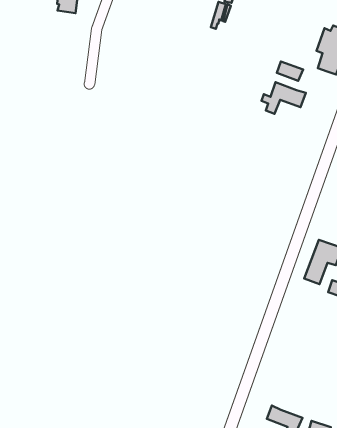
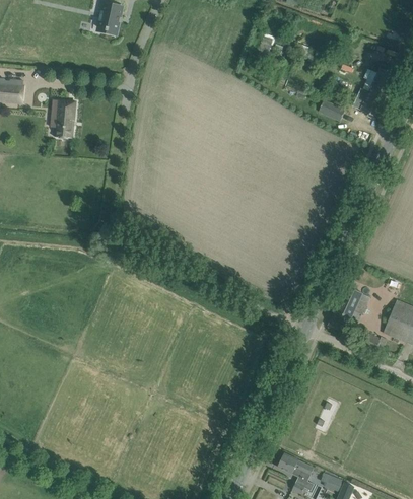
building: [261,82,306,114] -> none
building: none -> [50,99,75,139]

